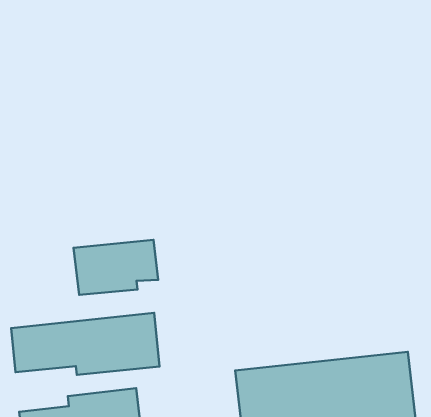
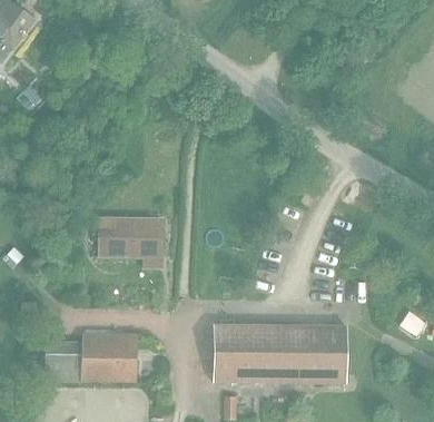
building: [11,313,160,375] -> none

